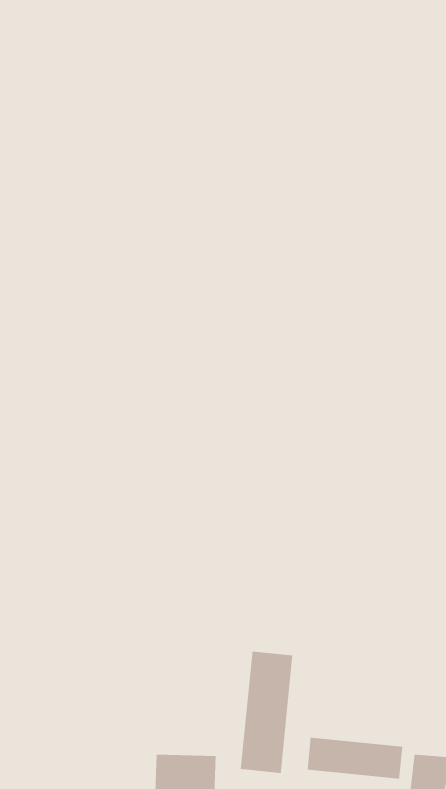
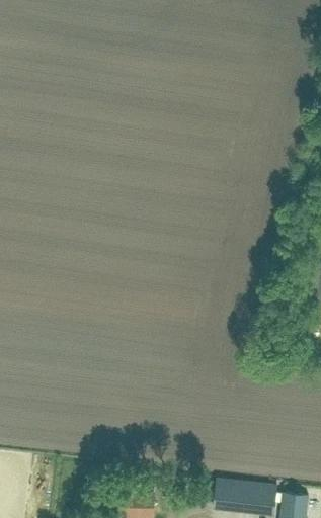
building: [240,651,293,774] -> none

